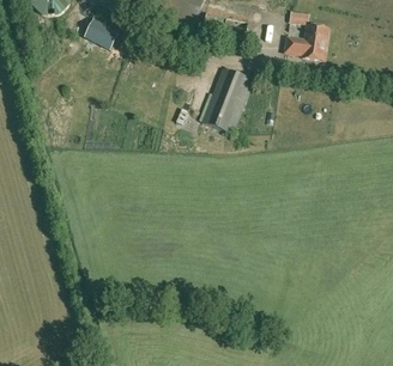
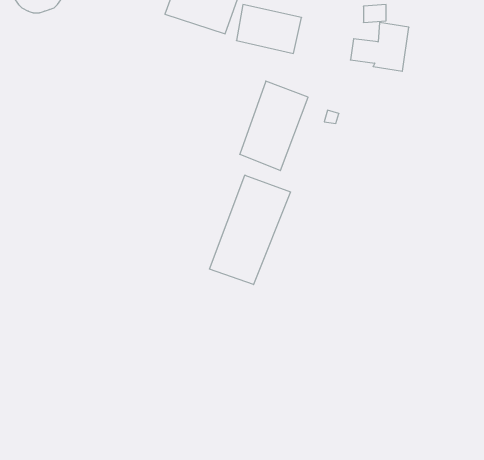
building: [83,18,117,48] -> none
building: none -> [209,175,290,285]

